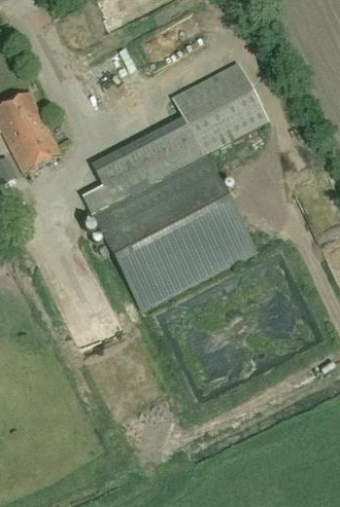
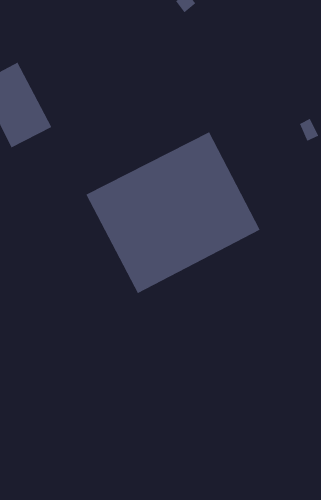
building: [82,63,268,212] -> none

